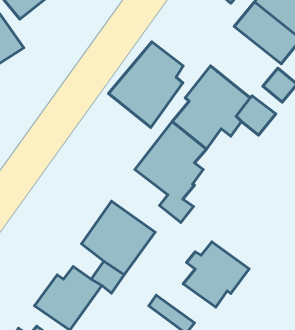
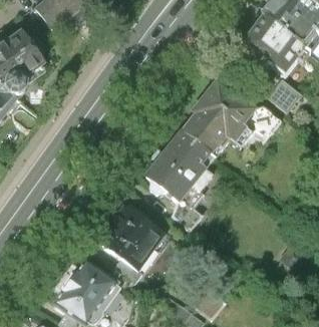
building: [109,42,183,128] -> none
building: [183,242,249,307] -> none

